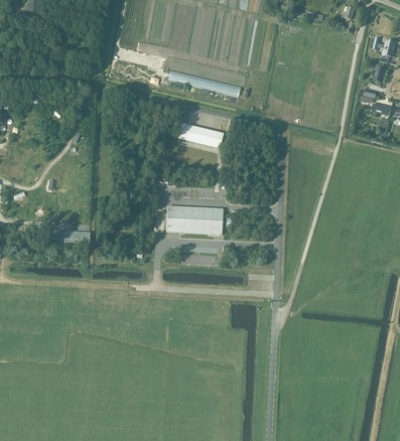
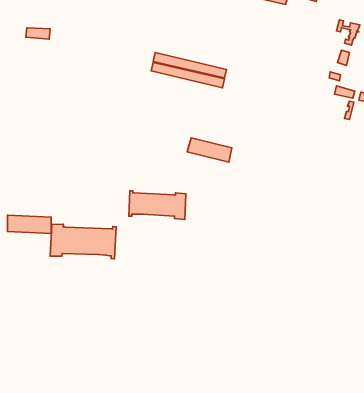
building: [178,123,223,147] -> [187,138,232,162]
building: none -> [50,224,116,259]

